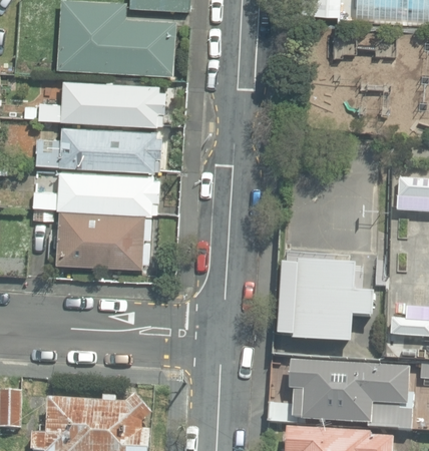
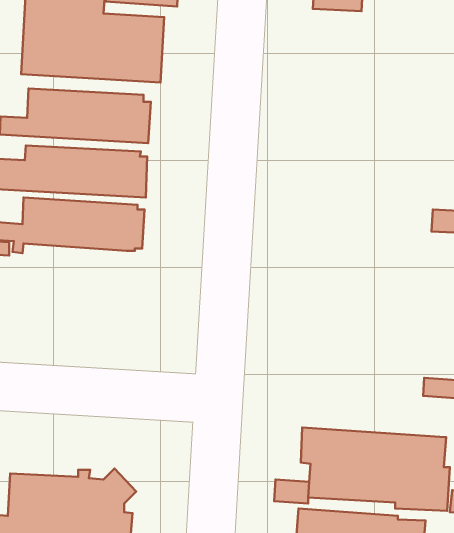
building: [49,208,151,268] -> none
building: [274,248,368,336] -> none

